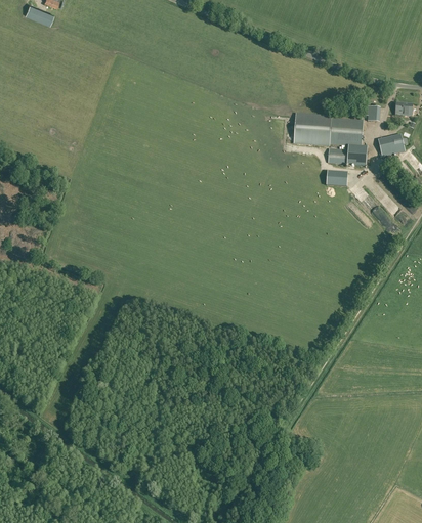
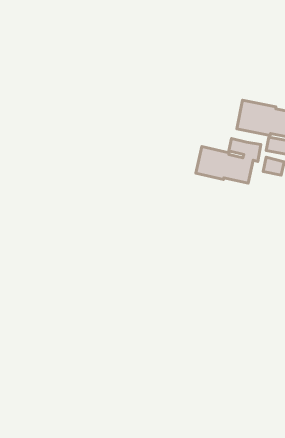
building: none -> [196,138,261,183]

